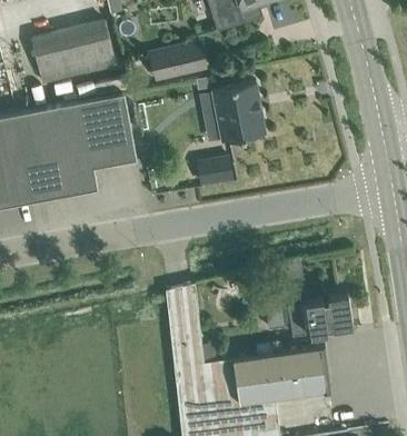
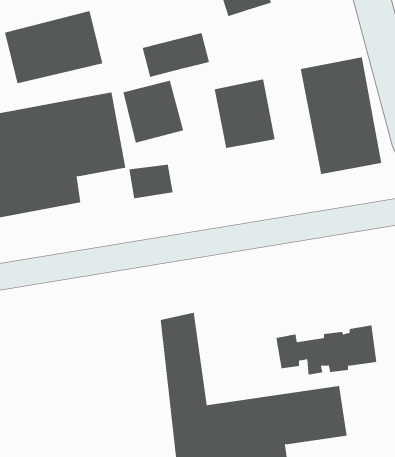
building: none -> [300,57,382,175]
building: none -> [123,80,184,143]
building: [193,153,232,184] -> [128,164,174,199]

